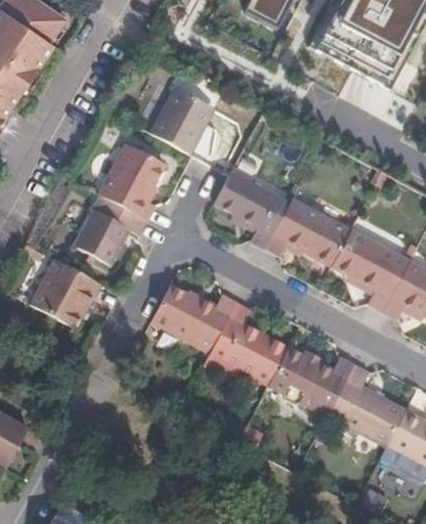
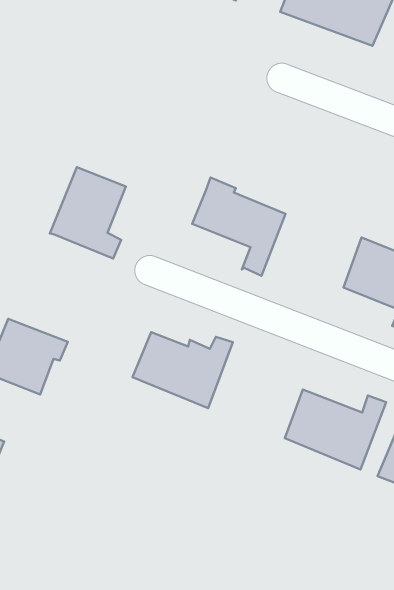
building: [151,88,214,155] -> none
building: [74,195,146,265] -> none
building: [265,198,350,267] -> none
building: [204,301,288,384] -> none

